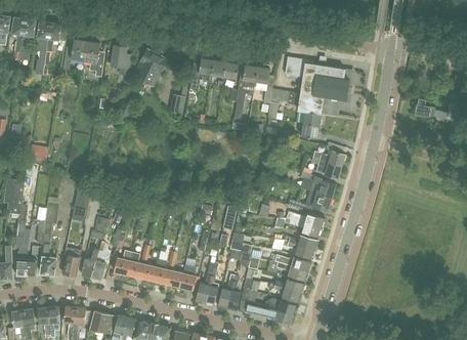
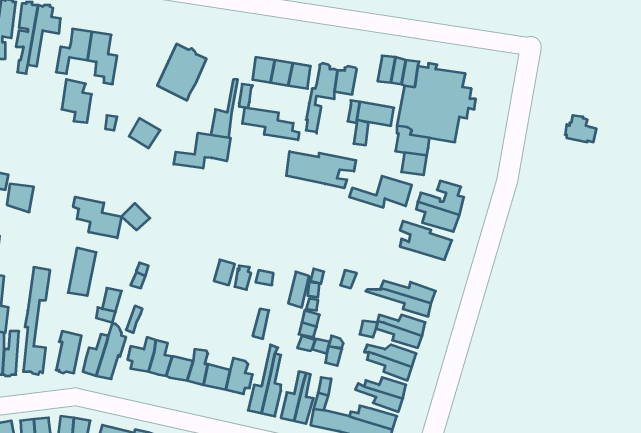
building: [111,45,131,75] -> [62,79,92,123]
building: none -> [242,107,299,140]
building: none -> [174,133,230,168]
building: none -> [286,151,356,188]
building: none -> [73,197,122,238]
building: [287,192,330,213] -> [349,176,412,207]

